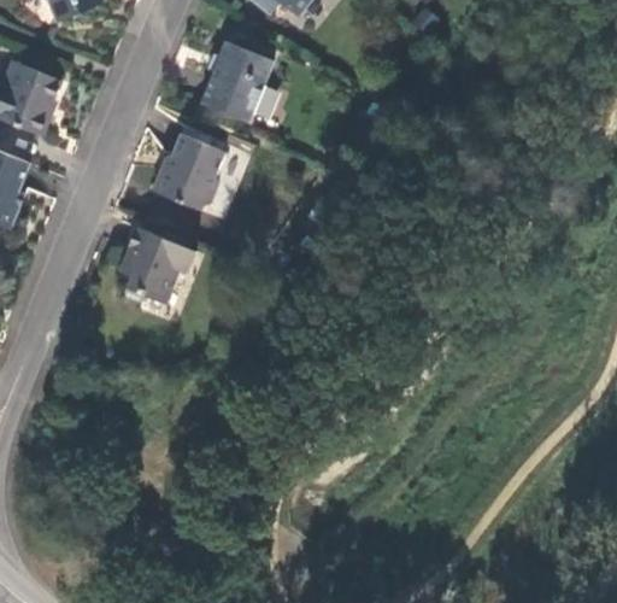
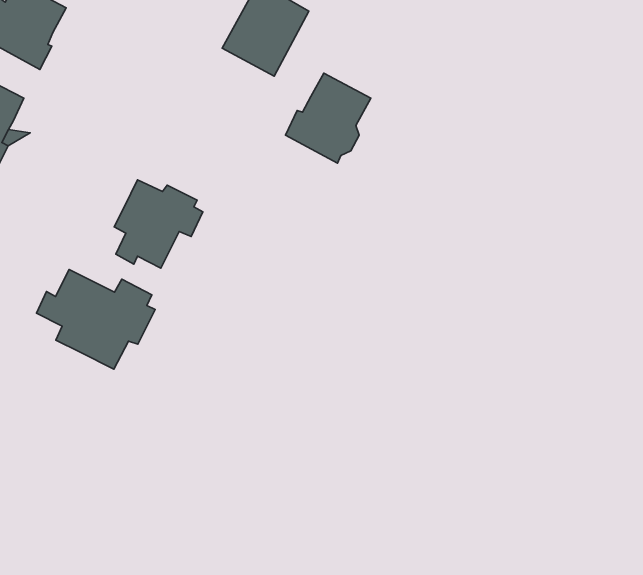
building: [152,134,224,212] -> [285,73,371,163]
building: none -> [37,270,155,369]

